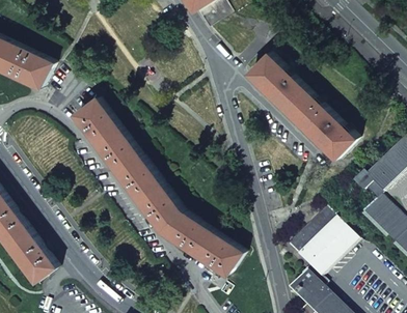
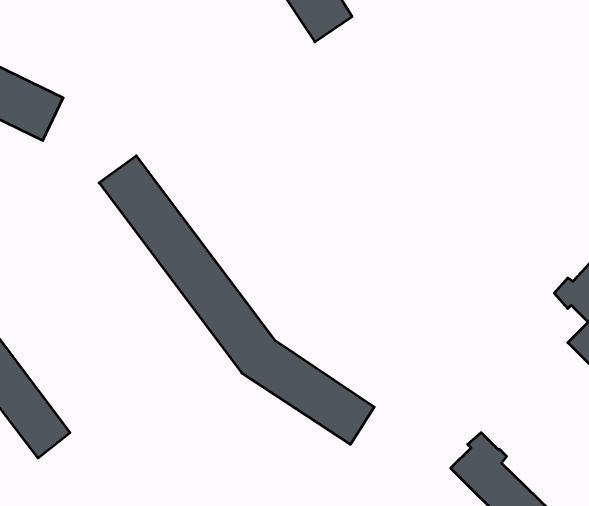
building: [247,53,356,158] -> none
building: [286,207,356,277] -> none

